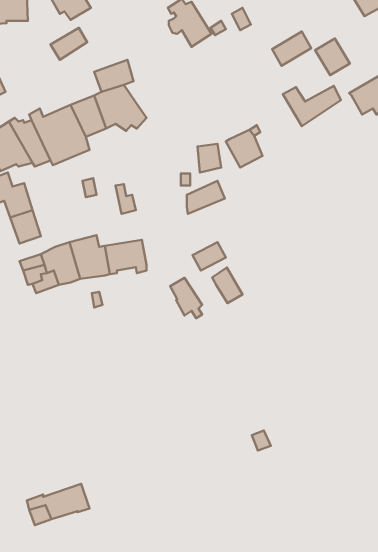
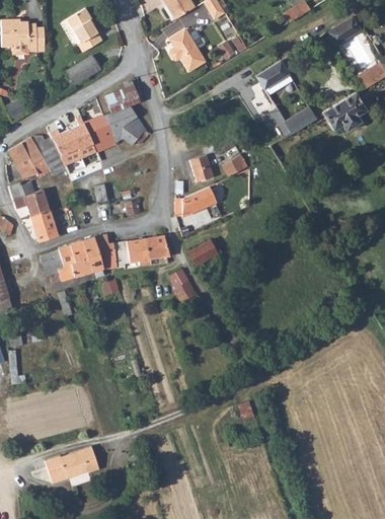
building: [315,39,350,75] -> none
building: none -> [145,235,168,260]
building: [212,268,242,303] -> none

